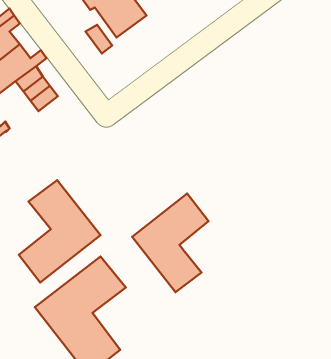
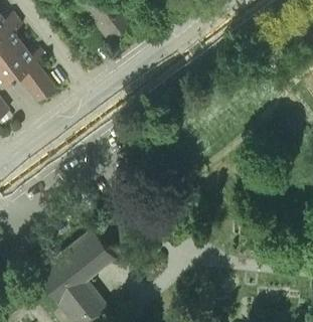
building: [19,180,100,282] -> none
building: [132,194,208,292] -> none

